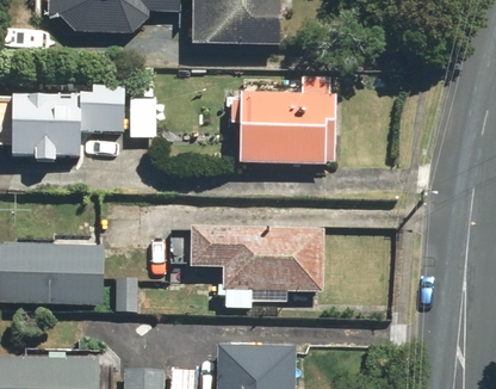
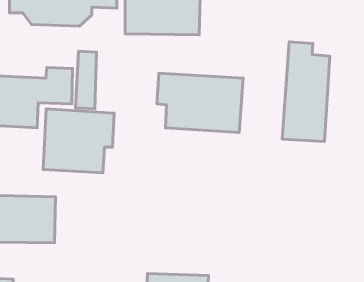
building: none -> [282,42,330,141]
building: none -> [43,109,114,173]
building: [188,223,323,308] -> none

